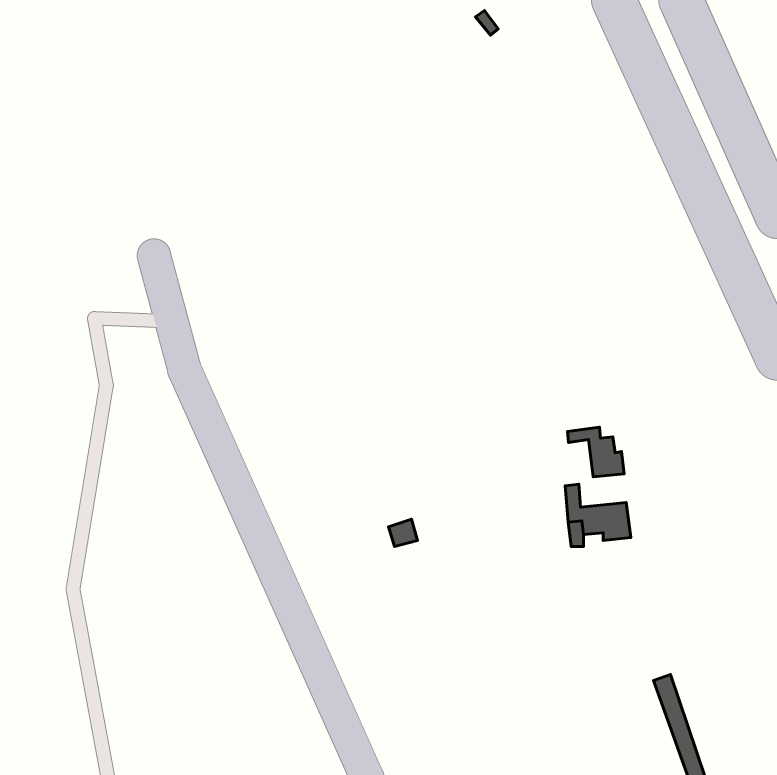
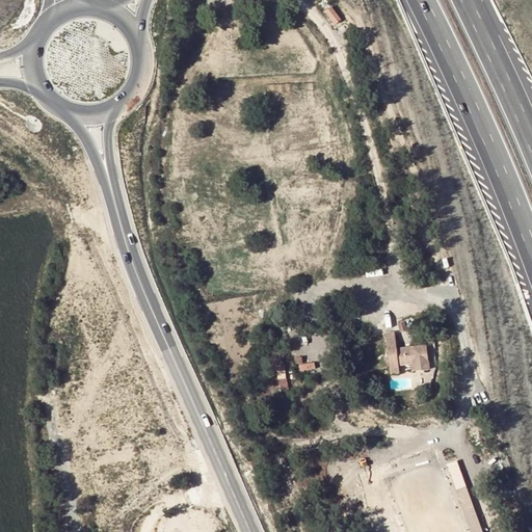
building: [567,427,624,477] -> none

